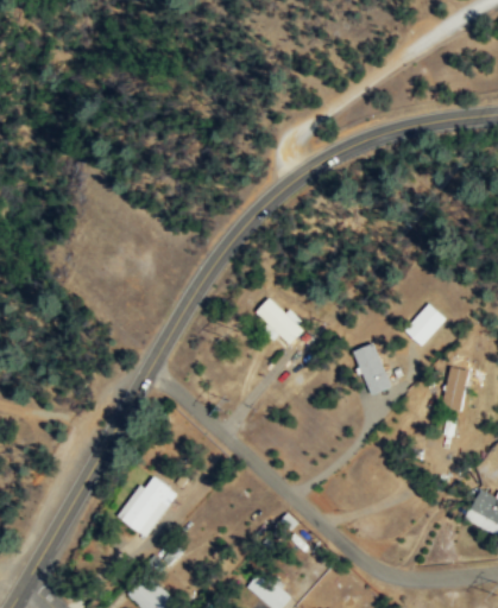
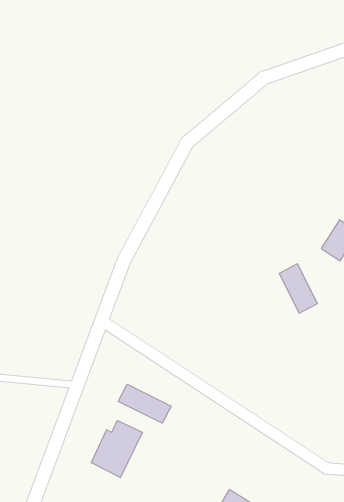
building: [253,297,305,346] -> none
building: none -> [118,384,171,423]

